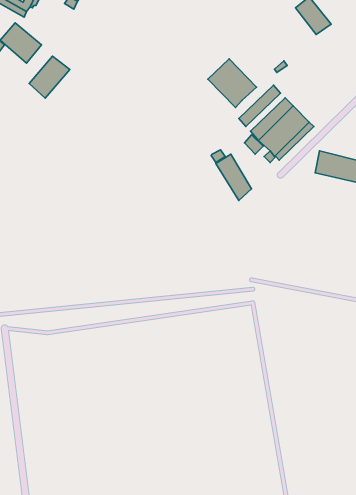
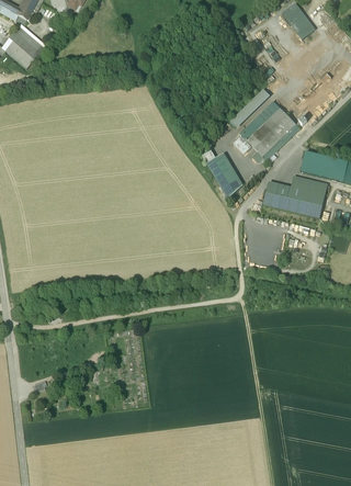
building: [29,56,70,98] -> none
building: [208,59,257,108] -> none
building: none -> [263,174,328,218]

